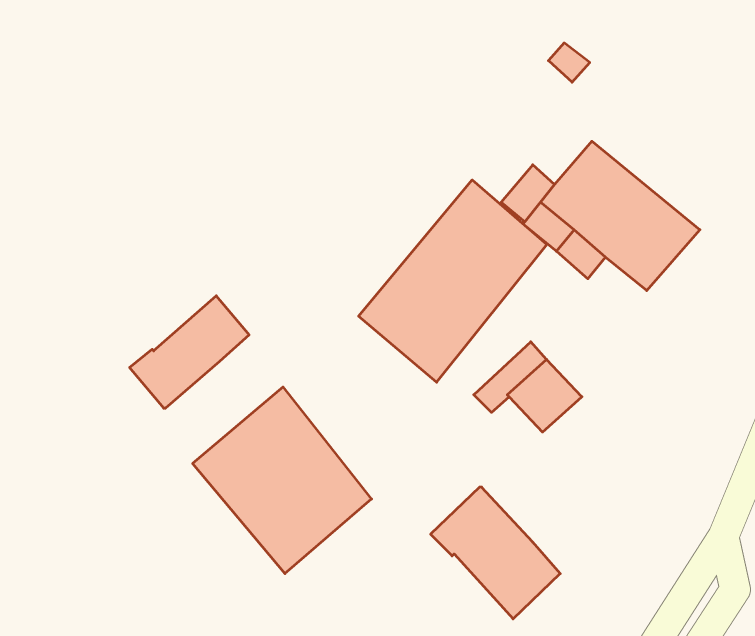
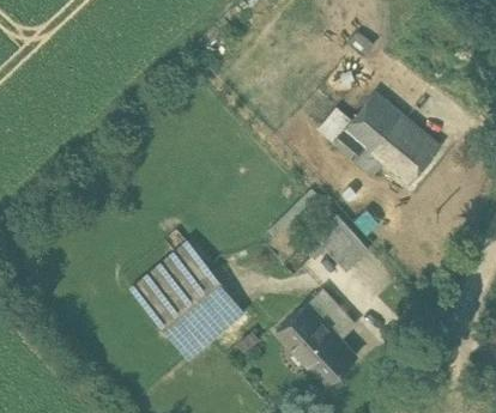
building: [359,180,547,382] -> none
building: [130,296,249,408] -> none
building: none -> [309,291,355,338]

